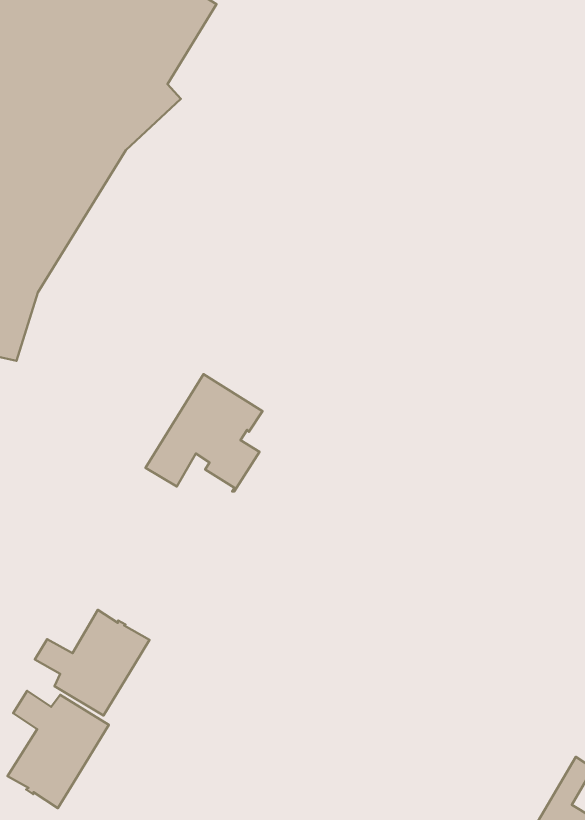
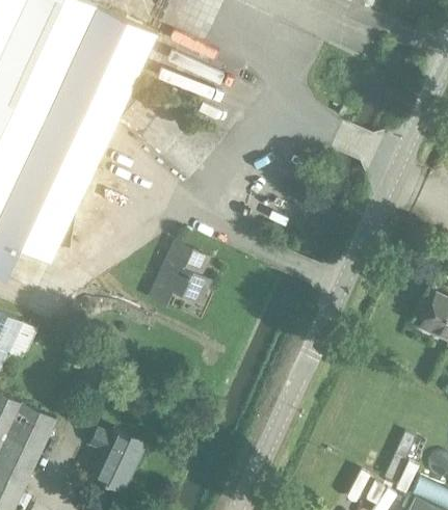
building: [35,610,149,716] -> none

